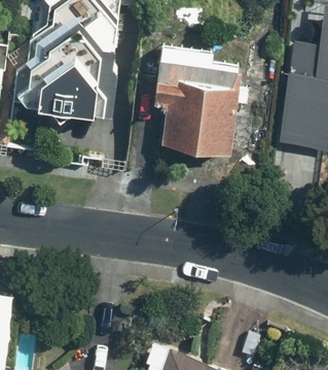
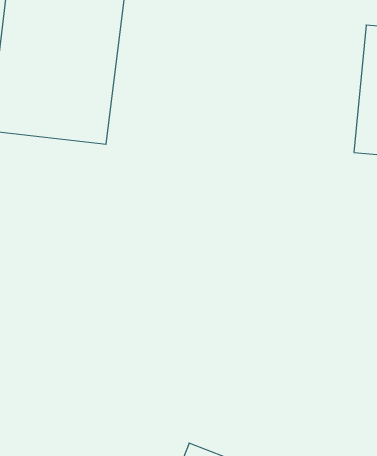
building: [156,68,228,156] -> none

